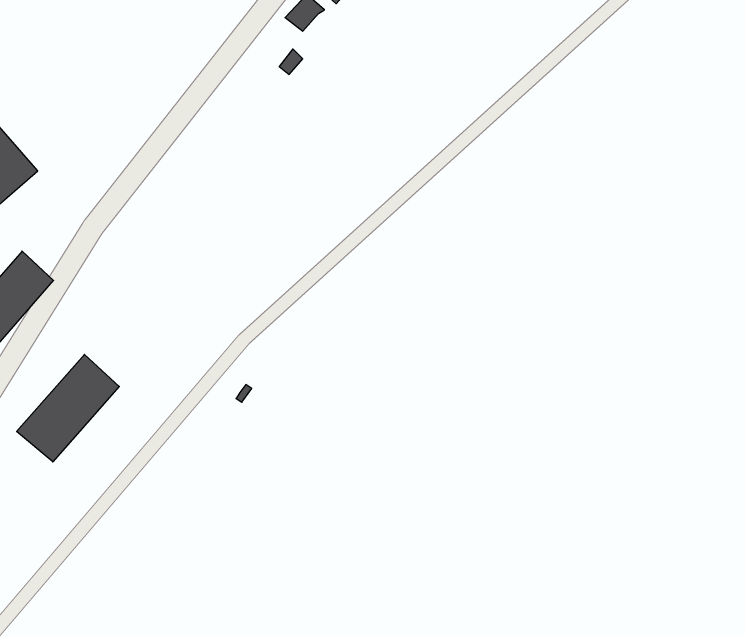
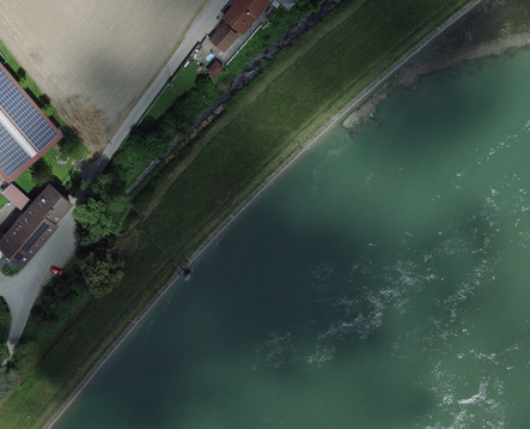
building: [17,354,119,462] -> none

